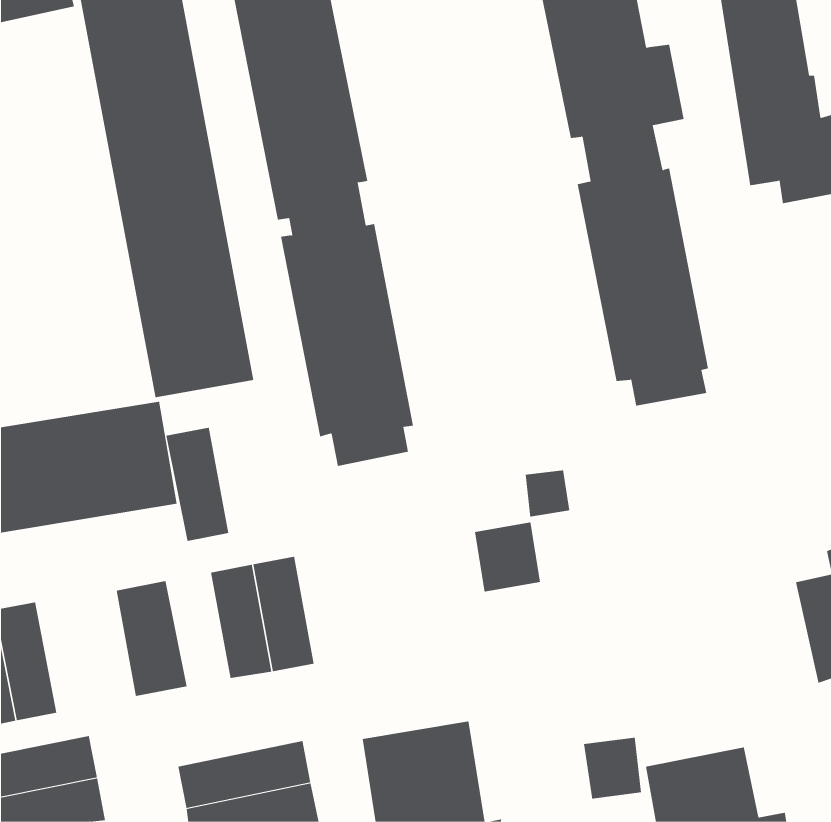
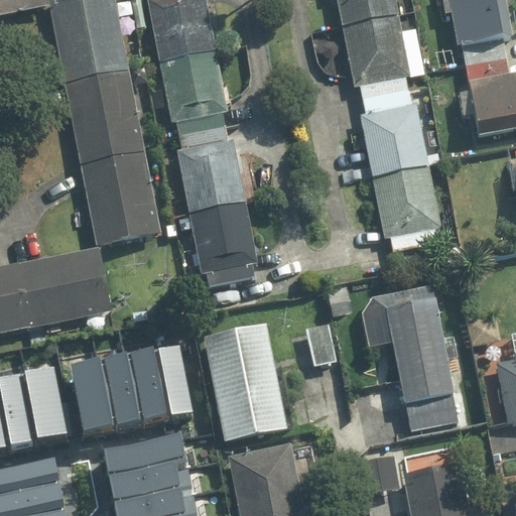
building: [166,427,229,541] -> [104,354,143,424]
building: none -> [361,294,461,430]
building: none -> [201,324,287,445]
building: none -> [23,366,69,440]
building: none -> [105,431,188,474]

